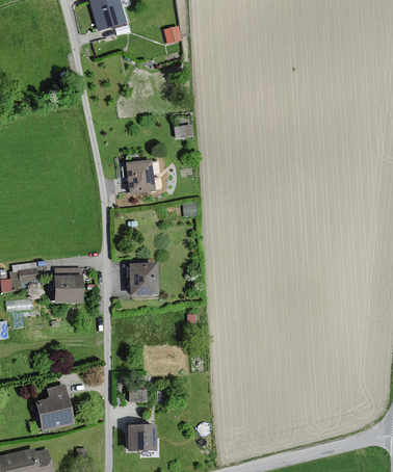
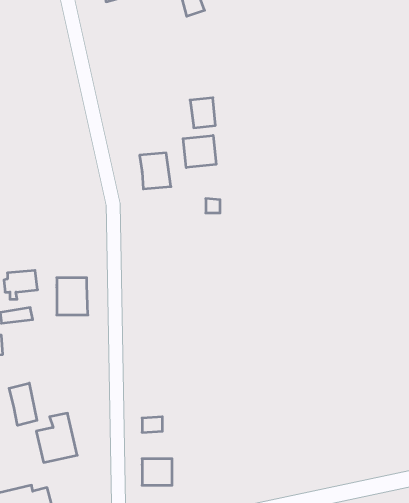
building: none -> [183,135,216,168]
building: [130,263,157,295] -> none
building: none -> [9,383,37,425]

